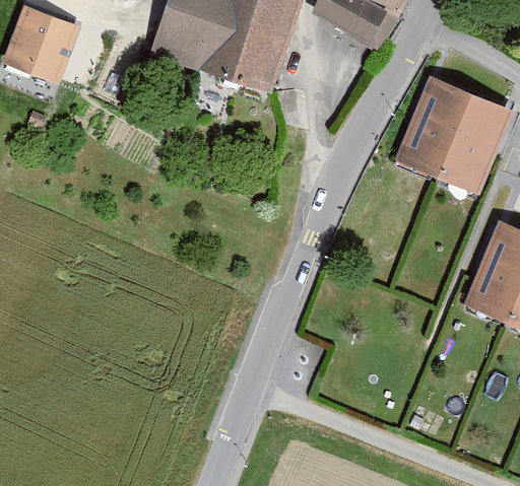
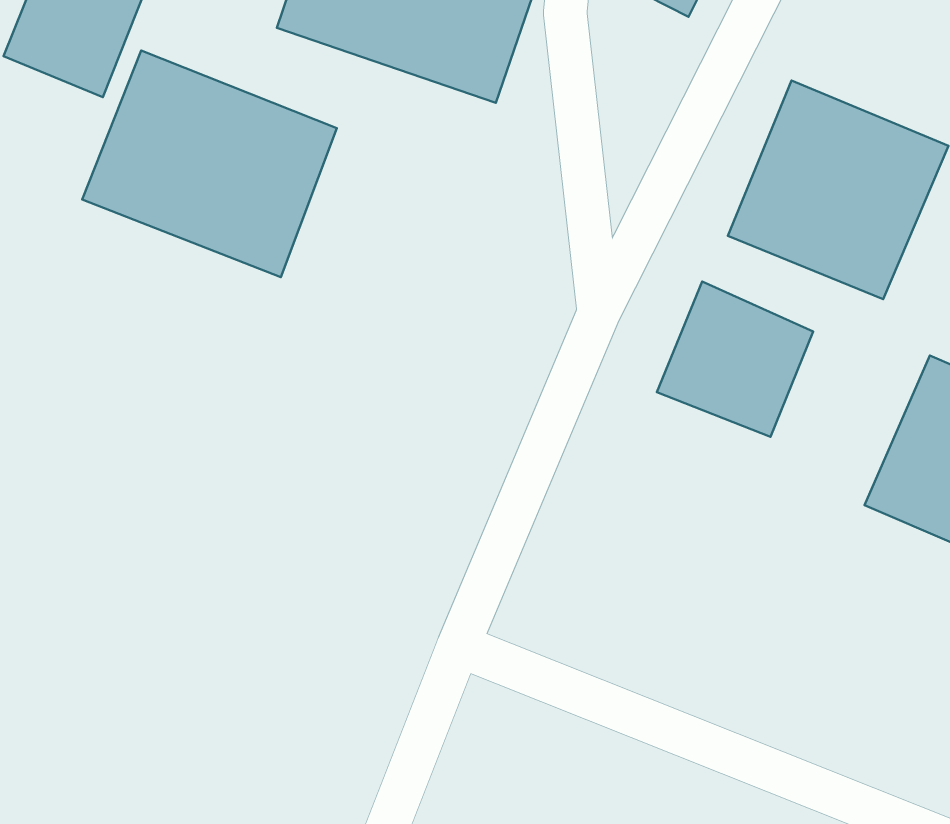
building: none -> [82,50,337,277]
building: none -> [657,282,813,437]

